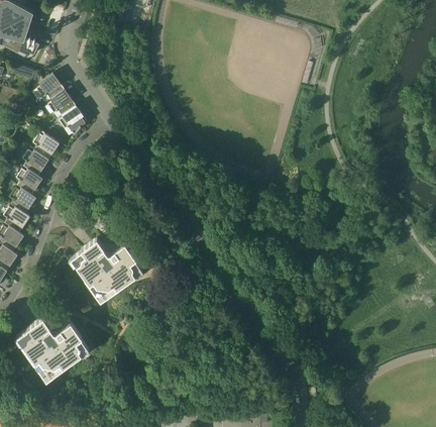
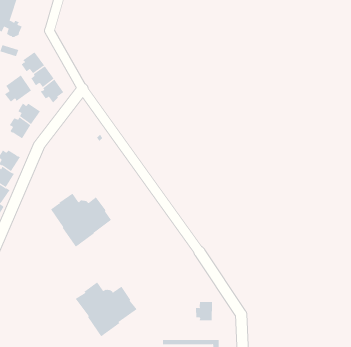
building: none -> [4,75,32,102]
building: [16,169,42,195] -> none
building: [16,316,89,381] -> [75,282,137,337]
building: none -> [196,301,212,321]

